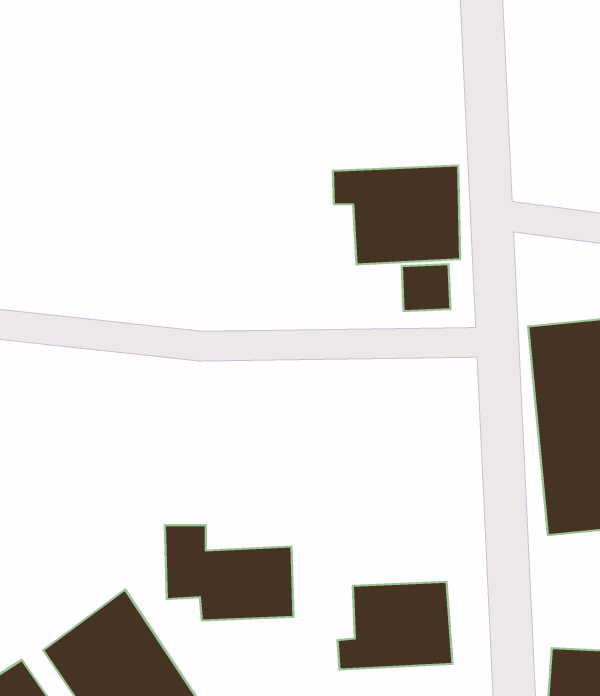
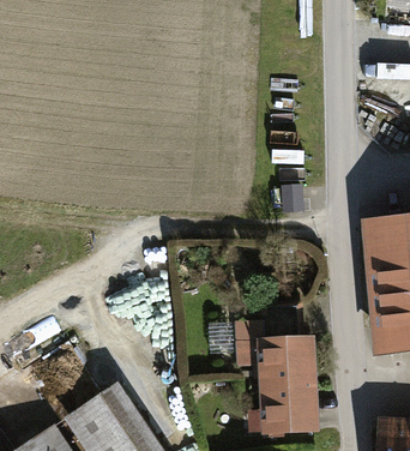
building: [333,166,460,264] -> none
building: [165,525,293,621] -> [235,320,314,379]

